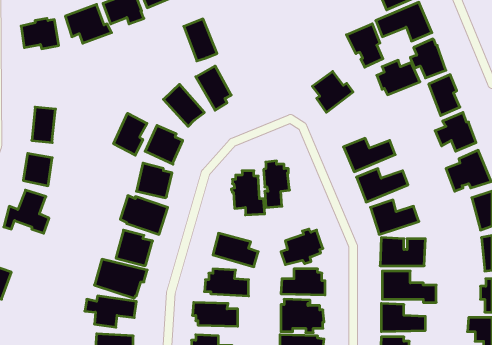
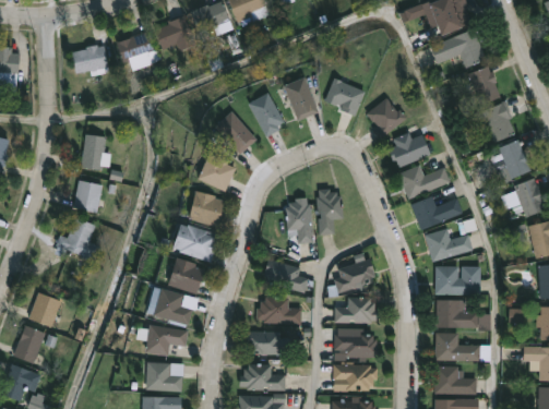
building: [184,19,217,61] -> [284,77,318,120]
building: [346,24,383,67] -> none
building: none -> [325,77,366,117]
building: [377,60,420,95] -> [387,133,431,168]
building: [114,113,147,155] -> none

